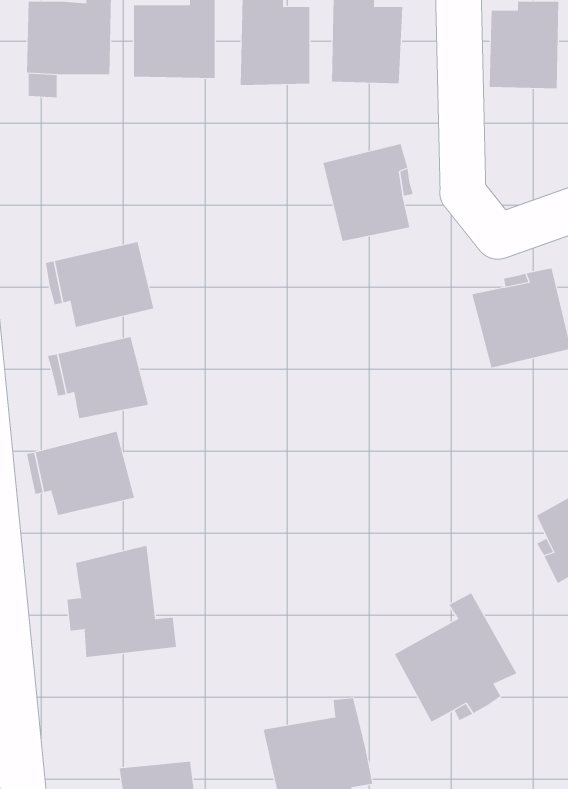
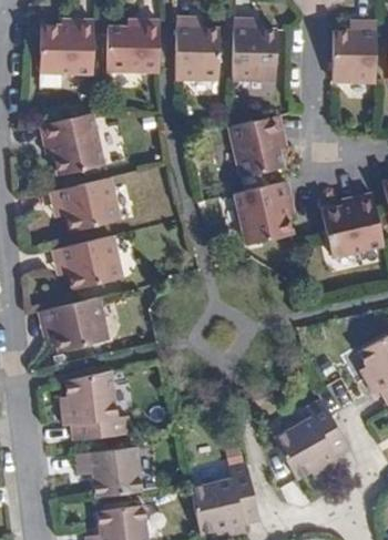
building: none -> [40,113,103,175]
building: none -> [236,181,292,244]
building: none -> [75,448,141,497]

